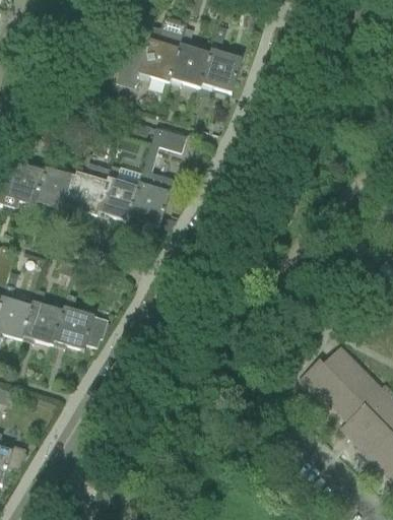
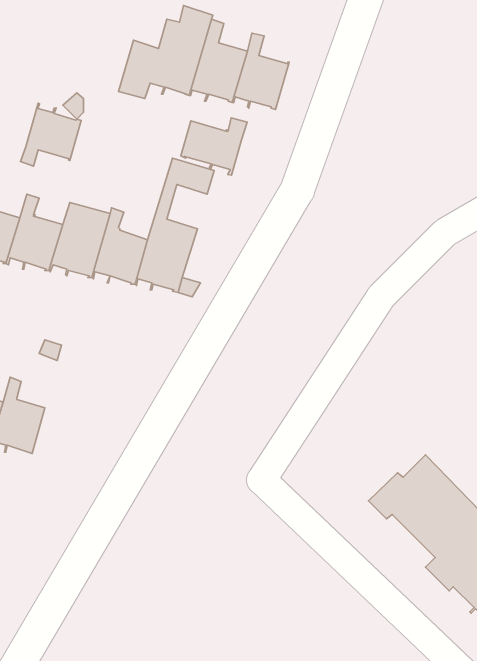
building: none -> [21,103,81,166]
building: none -> [181,118,247,175]
building: [52,292,107,349] -> none

